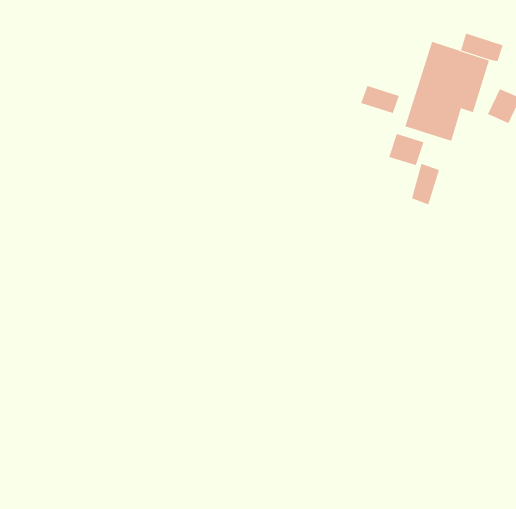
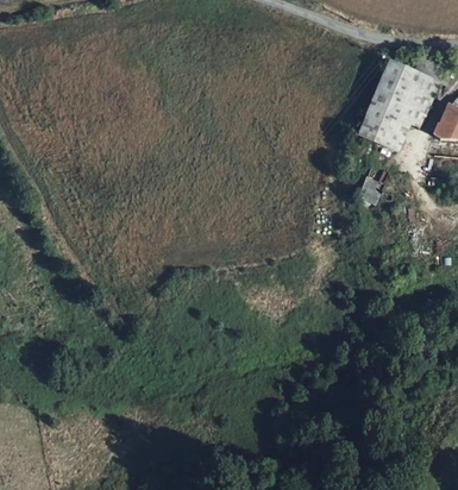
building: [360,85,400,114] -> none
building: [388,133,424,166] -> none

